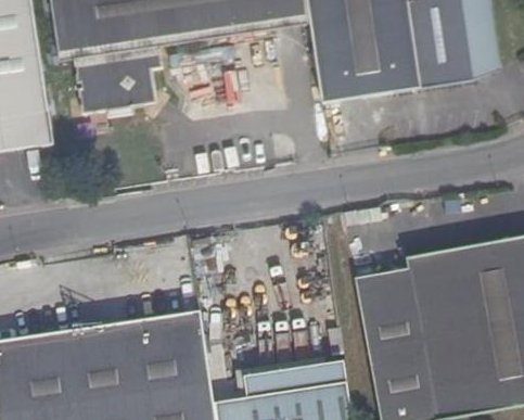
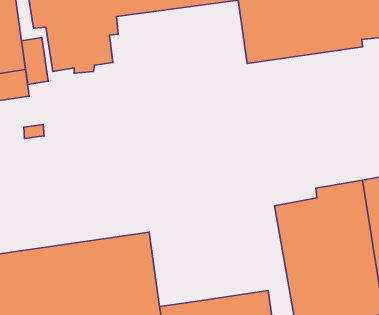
building: none -> [21,38,48,84]
building: [243,361,347,397] -> none

